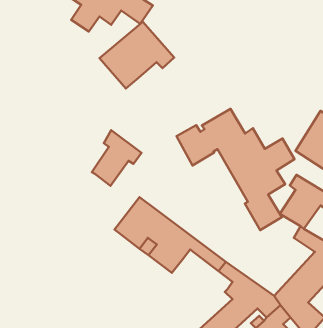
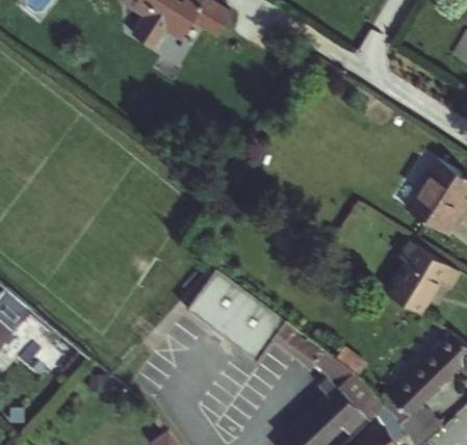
building: [99,22,174,89] -> none
building: [177,109,294,230] -> none
building: [92,130,142,186] -> none

